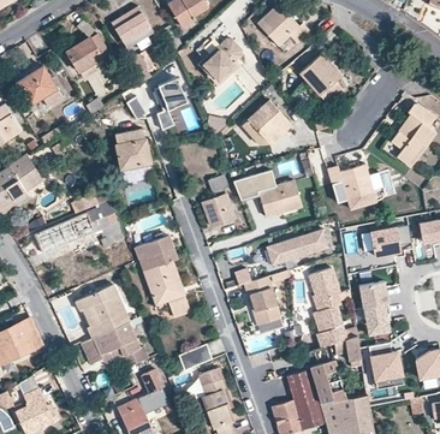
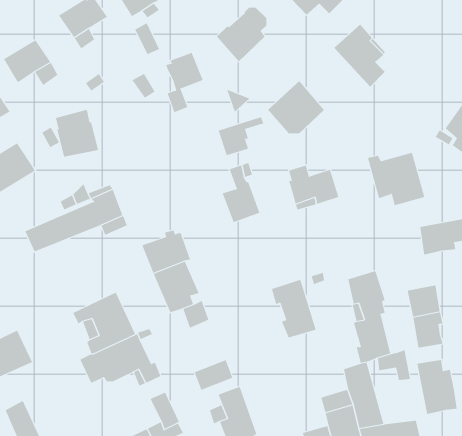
building: [114,129,151,170] -> [55,109,99,157]
building: [234,170,274,203] -> [218,117,264,156]
building: [267,228,328,264] -> none

